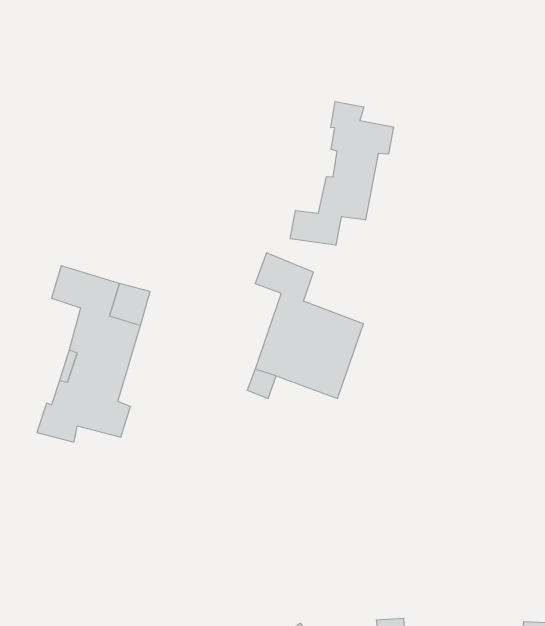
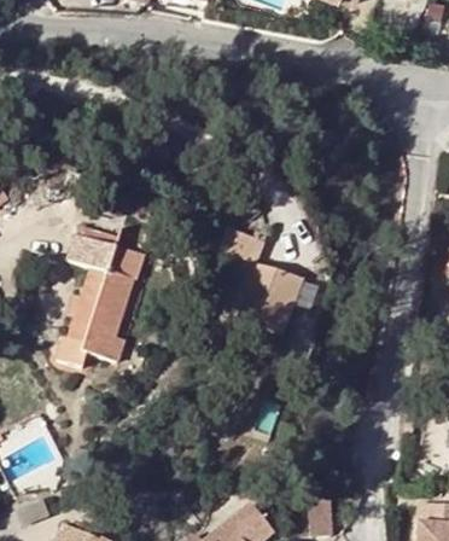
building: [290,102,393,245] -> none

